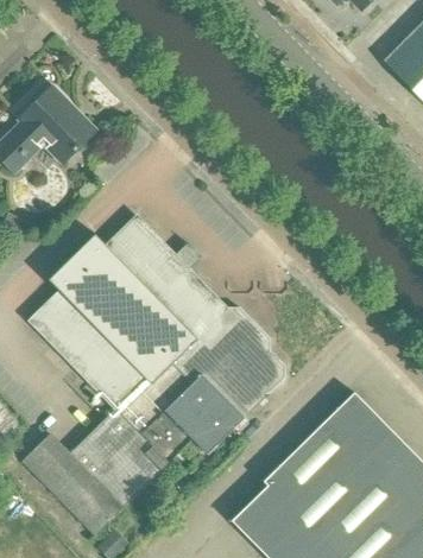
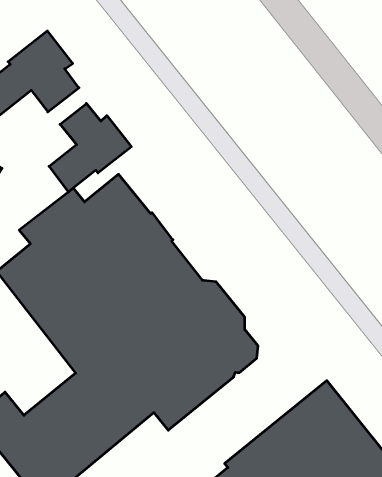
building: none -> [49,103,131,192]

